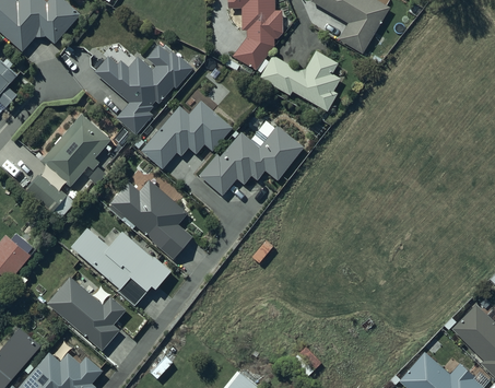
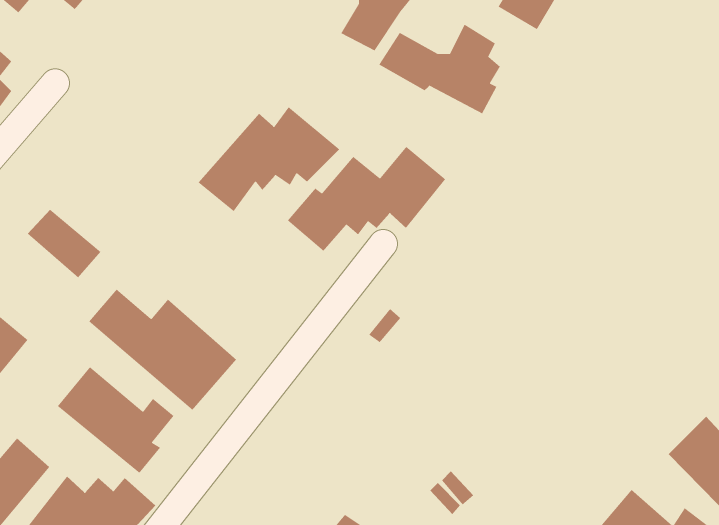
building: [95,42,184,129] -> none
building: [43,115,109,183] -> none
building: [108,179,189,256] -> none

